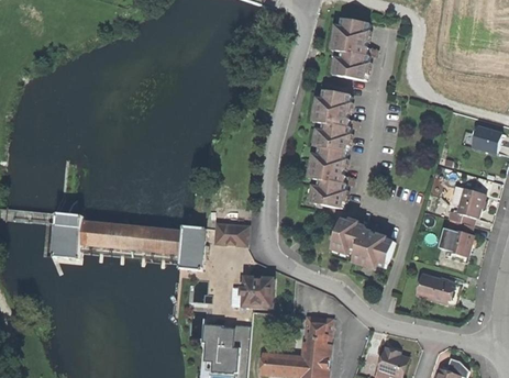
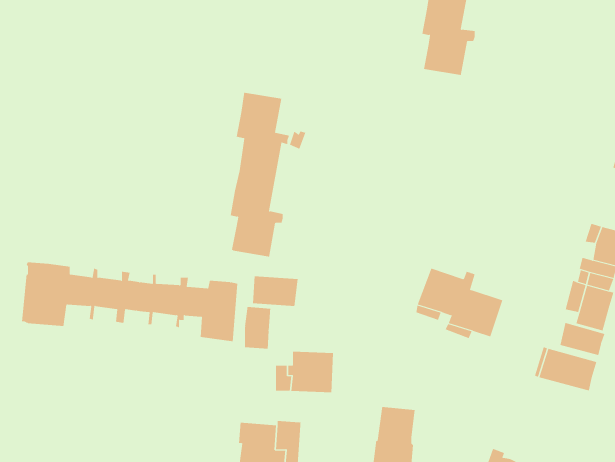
building: [313,90,356,208] -> [230,92,290,257]
building: none -> [244,306,271,349]
building: none -> [560,322,605,356]

